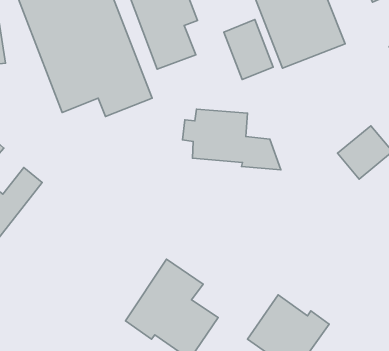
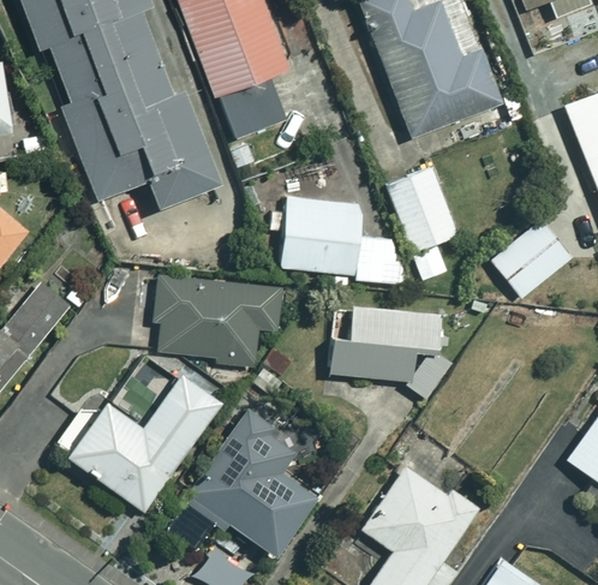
building: [224,20,273,80] -> [387,167,458,253]
building: none -> [154,276,279,366]
building: none -> [329,305,450,398]
building: none -> [54,375,222,512]

